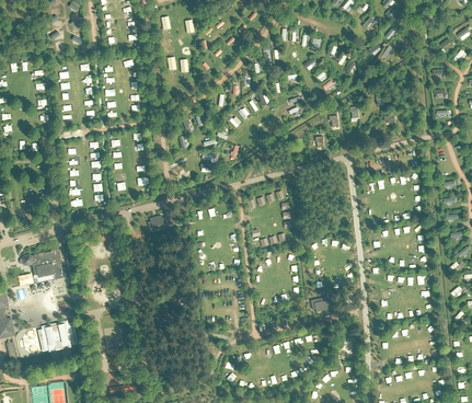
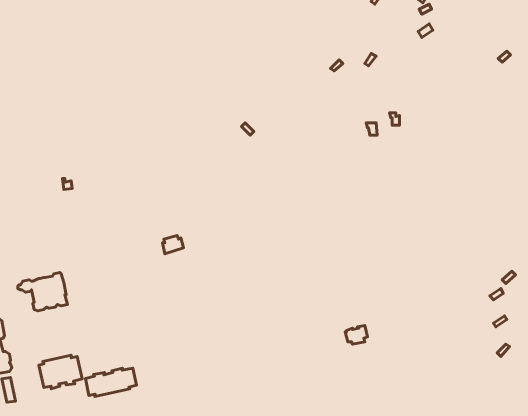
building: none -> [85,368,137,396]

